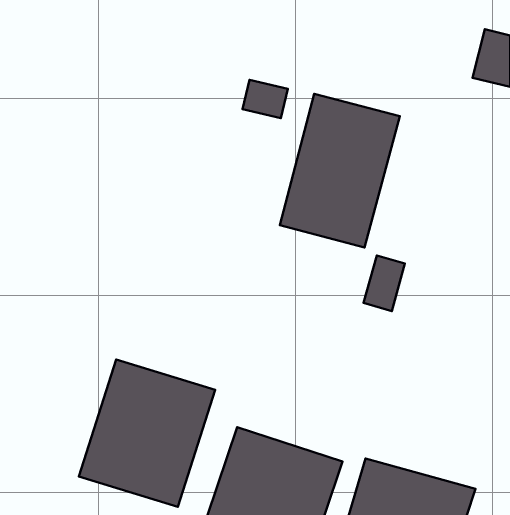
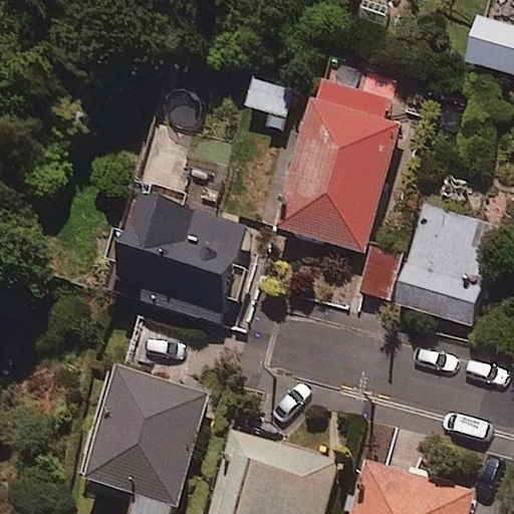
building: none -> [119,199,238,315]
building: none -> [400,216,496,333]

